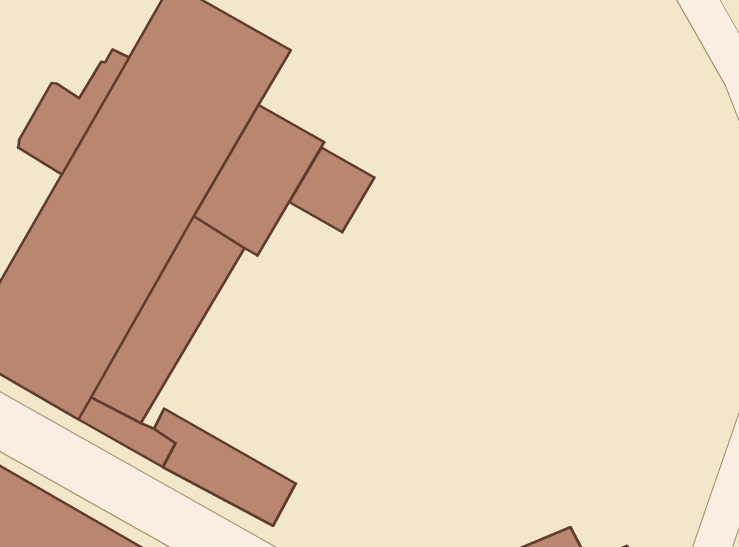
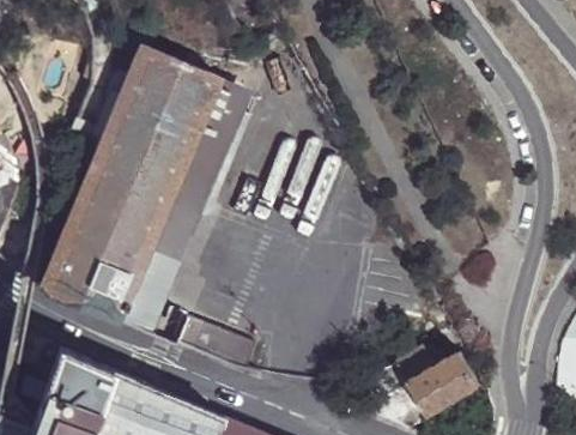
building: [289,147,374,232] -> [204,78,254,128]

